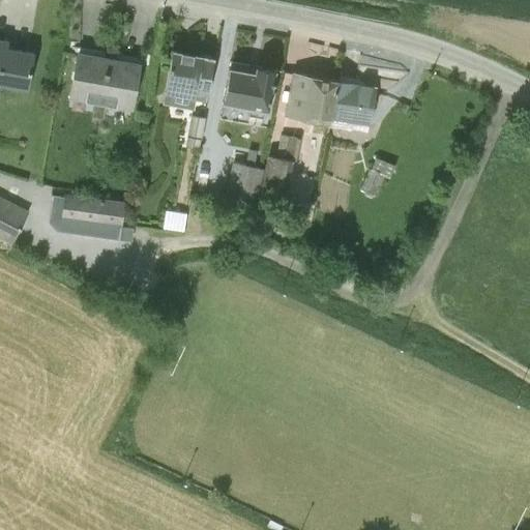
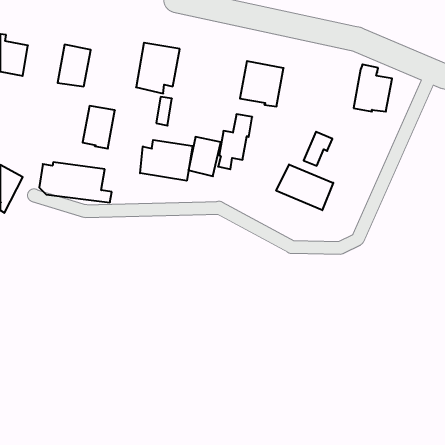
building: [100,60,139,111] -> [83,106,115,149]
building: [223,67,275,113] -> none
building: [329,76,375,131] -> [354,64,392,112]
building: none -> [140,140,193,181]
building: none -> [276,164,333,210]

